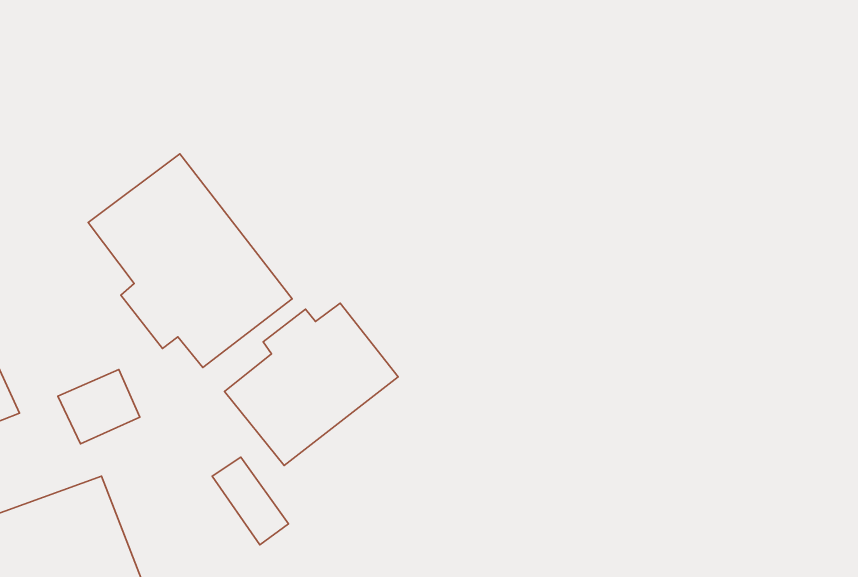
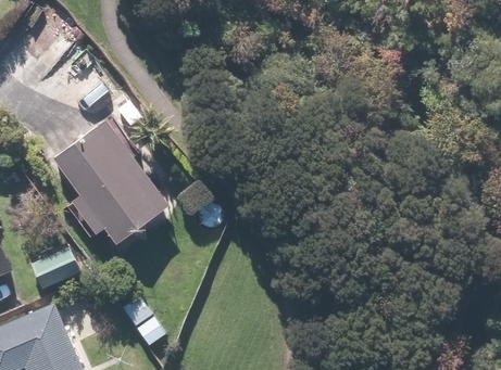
building: [225,303,398,465] -> none

